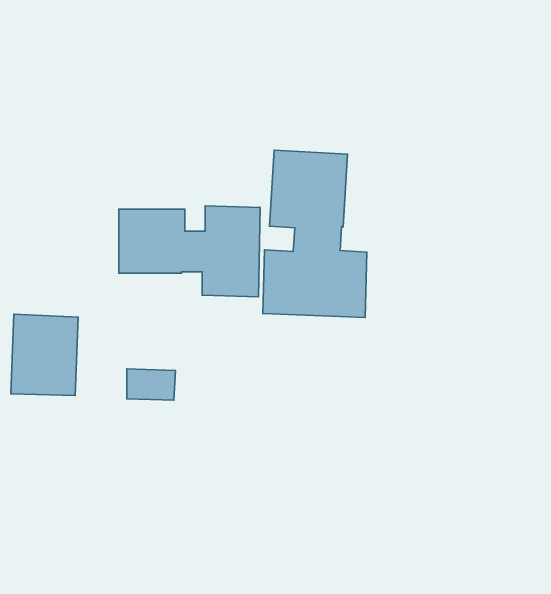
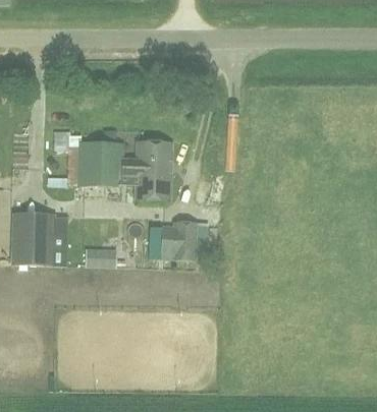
building: [263,150,367,318] -> none
building: none -> [162,221,197,259]

